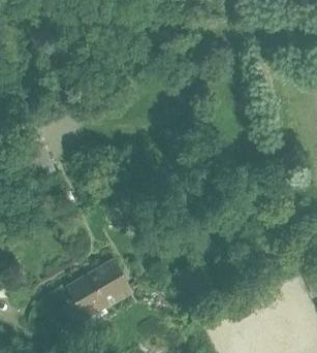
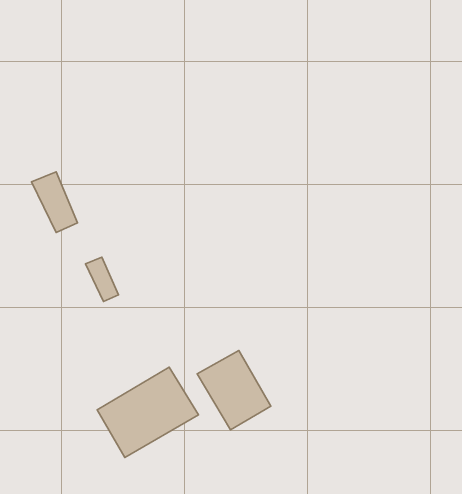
building: none -> [197,351,271,430]

